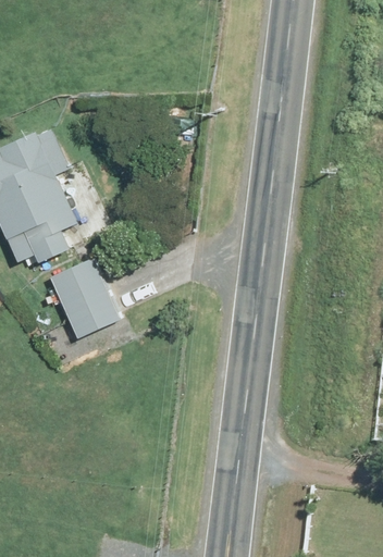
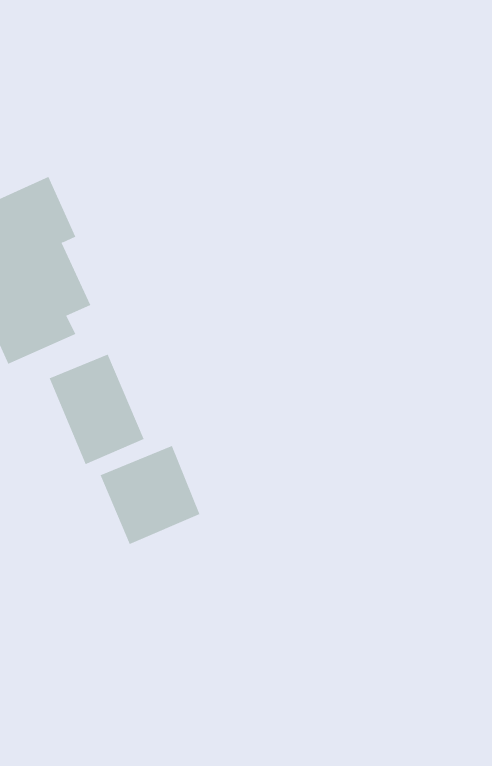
building: none -> [100,445,200,545]

